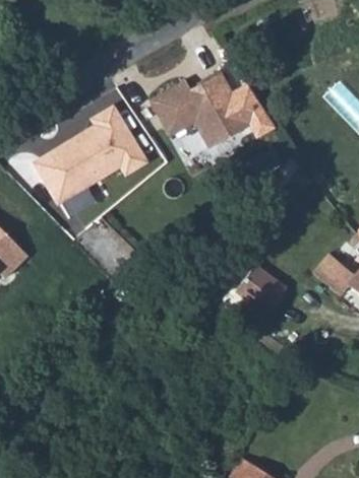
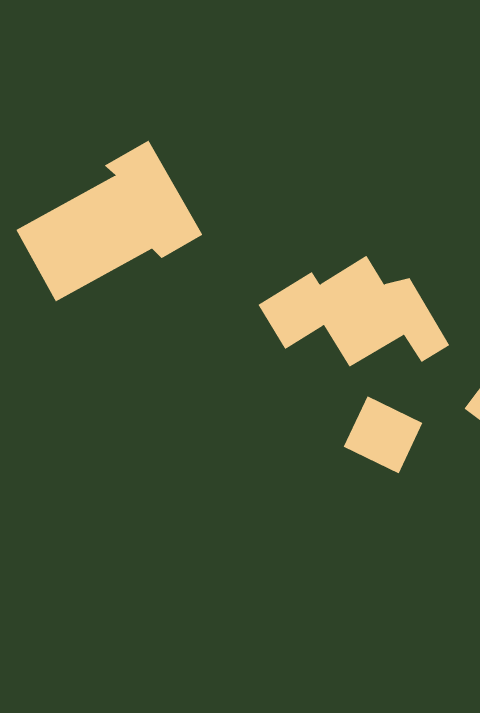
building: [157,70,279,141] -> [258,255,450,368]

